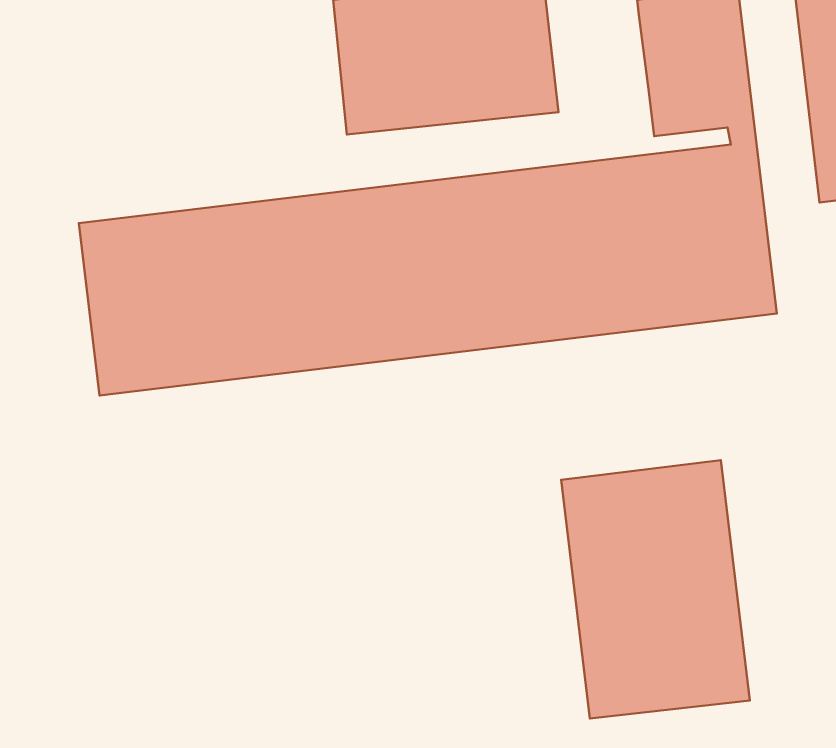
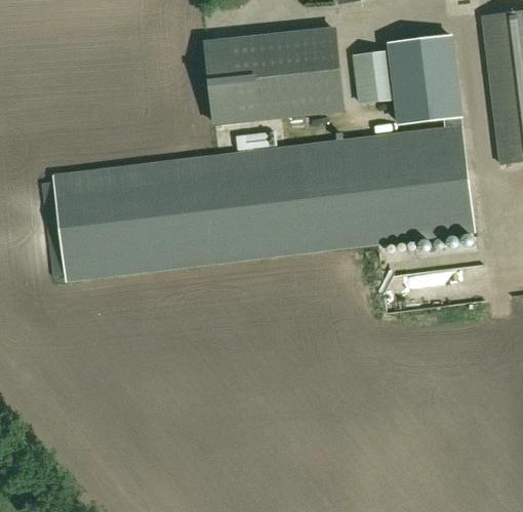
building: none -> [354,50,396,102]
building: [561,460,750,718] -> none

